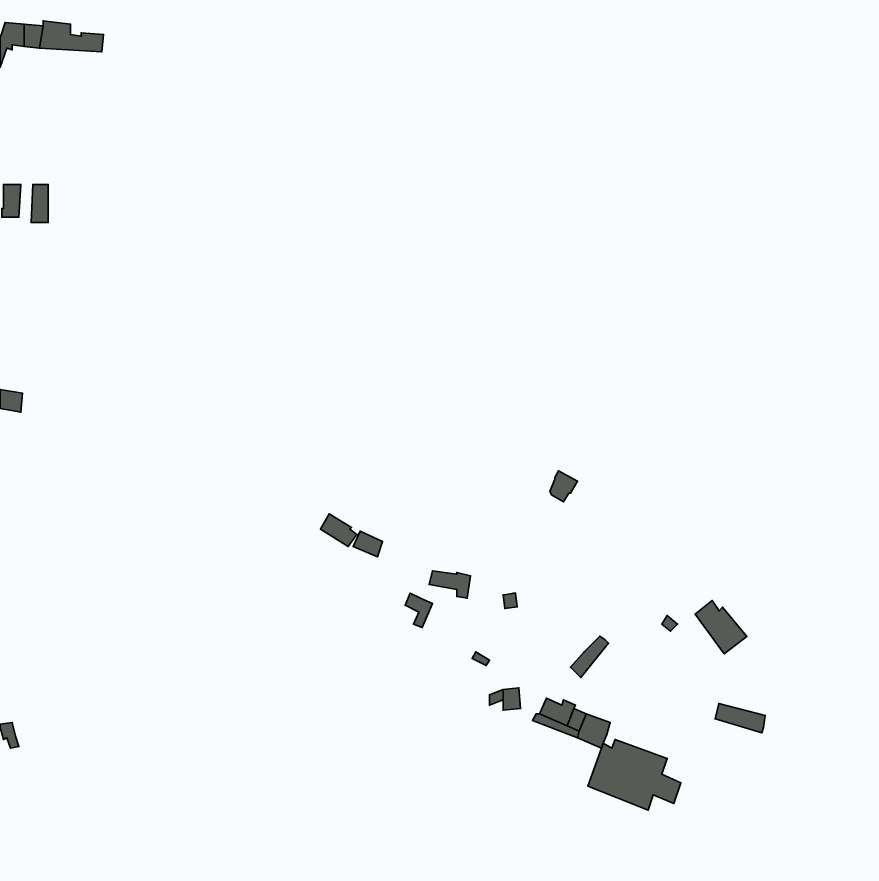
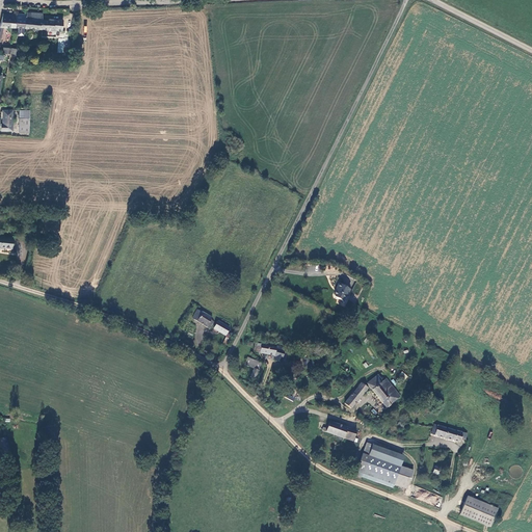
building: [695,600,747,654] -> [369,374,400,406]
building: none -> [459,496,497,527]

